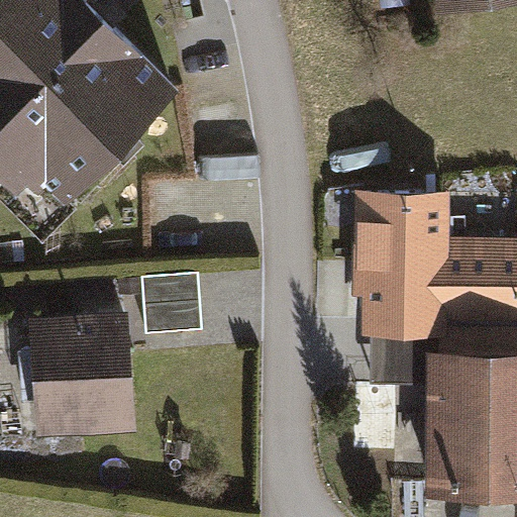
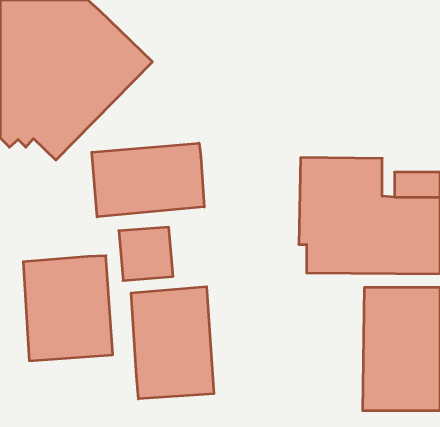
building: none -> [92,143,204,217]
building: none -> [131,287,214,399]

